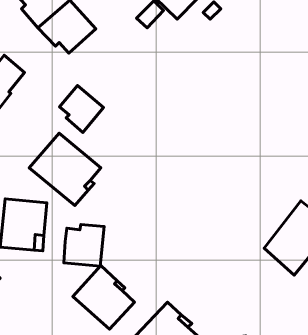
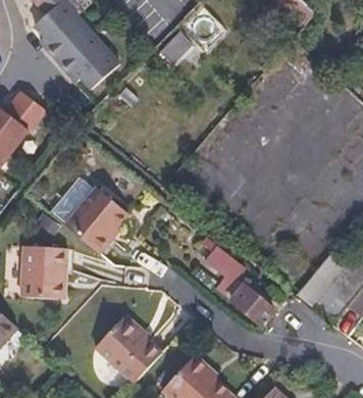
building: [60,85,104,132] -> none
building: none -> [205,238,275,326]
building: [64,225,104,266] -> none

